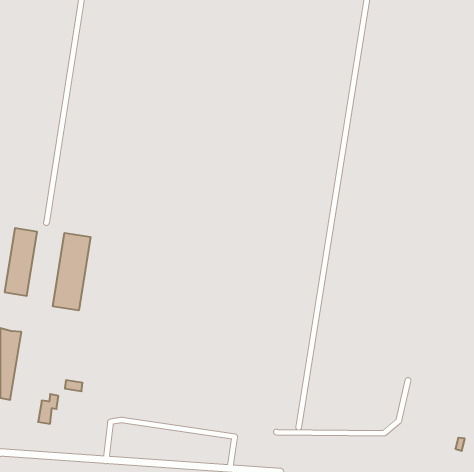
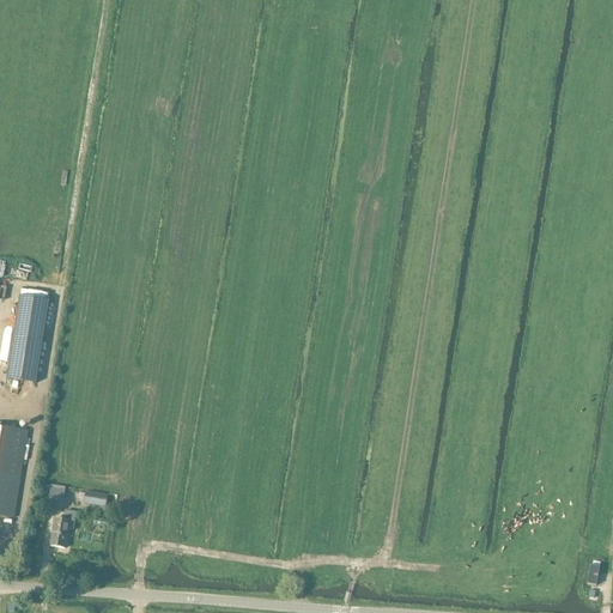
building: [53,233,90,310] -> none

